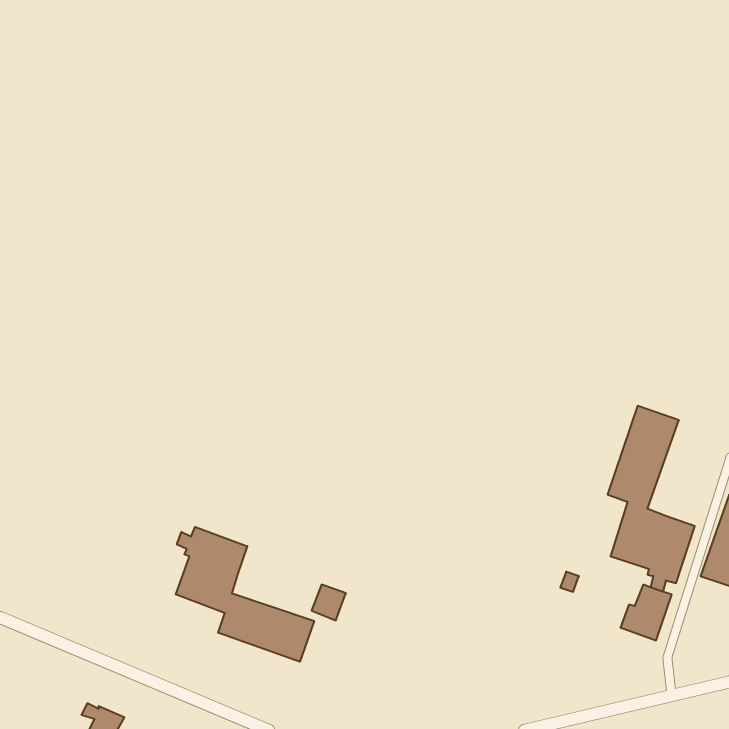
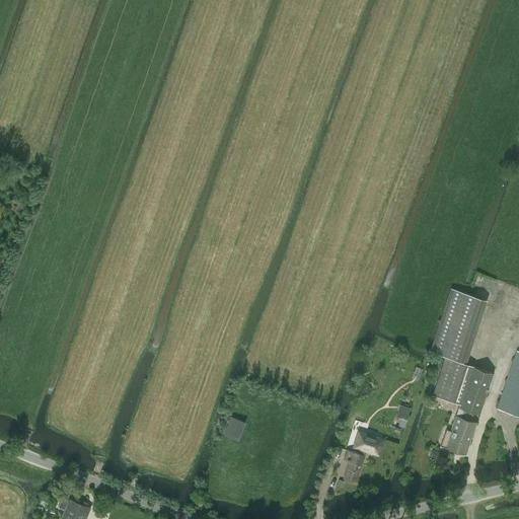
building: [176,527,314,662] -> none
building: none -> [345,432,384,484]

